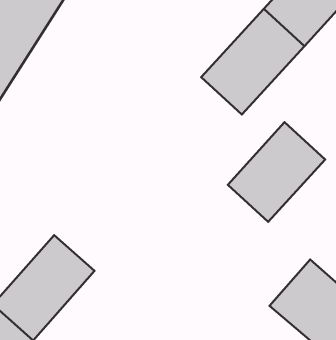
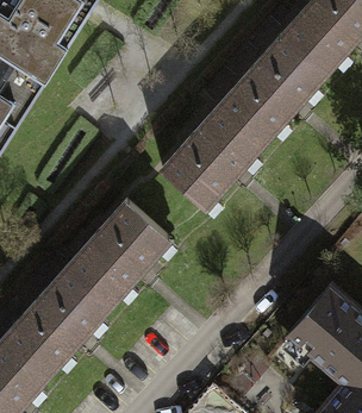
building: [228,122,325,222] -> [162,105,262,207]
building: none -> [69,202,167,304]

